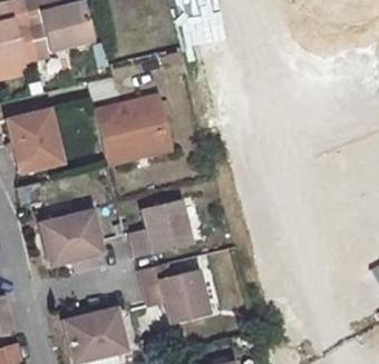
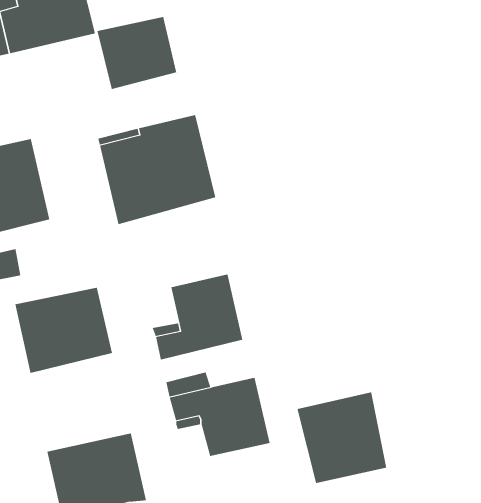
building: none -> [97,16,177,90]
building: none -> [297,391,387,484]

